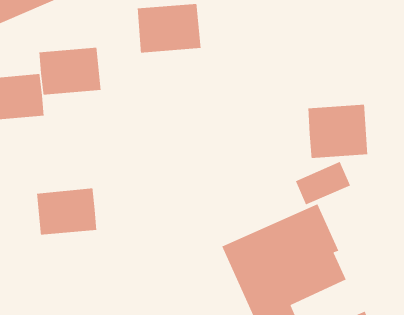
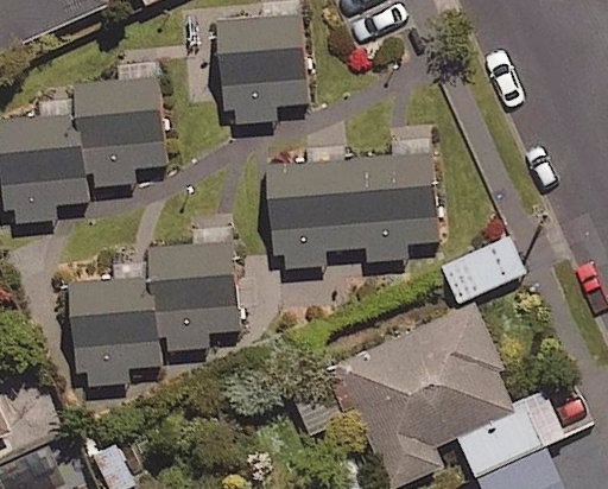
building: none -> [265,154,437,233]
building: [308,104,368,159] -> none
building: none -> [148,243,239,313]

